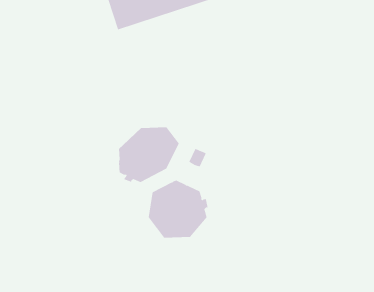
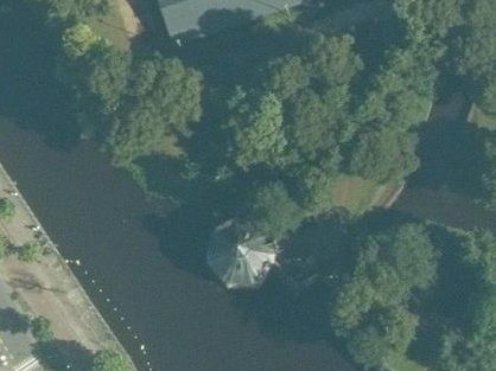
building: [119,126,179,183] -> none

